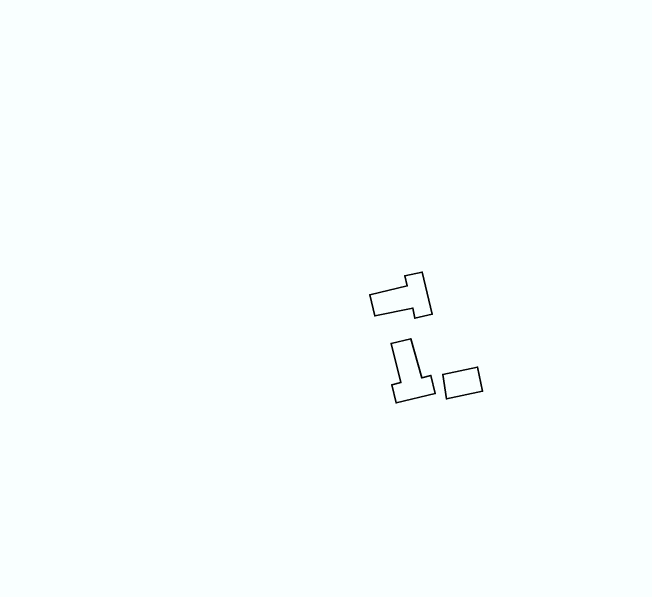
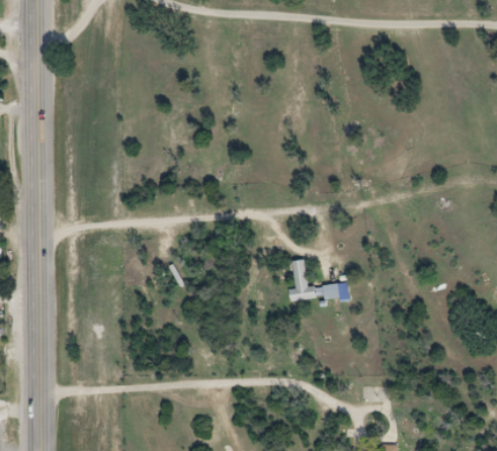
building: [370,272,432,318] -> none

